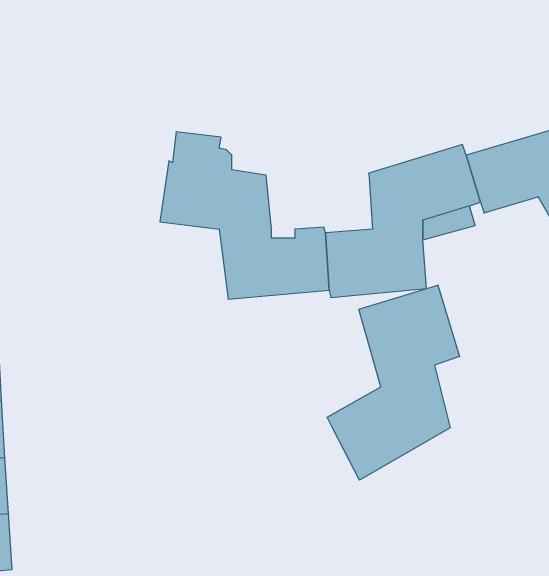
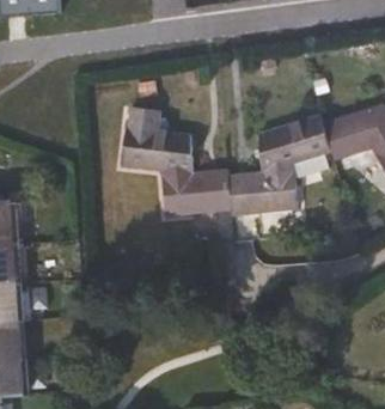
building: [327,285,459,480] -> none

